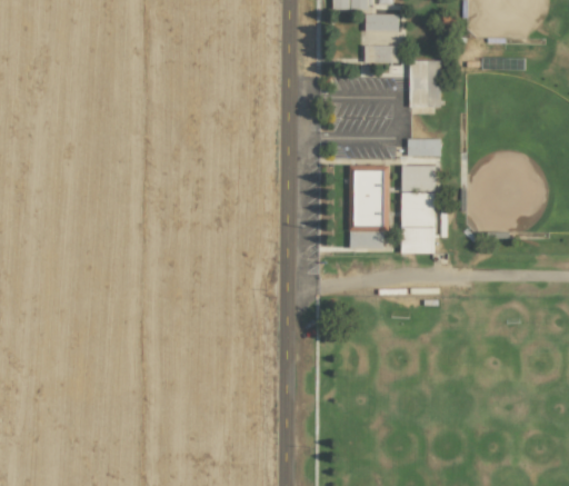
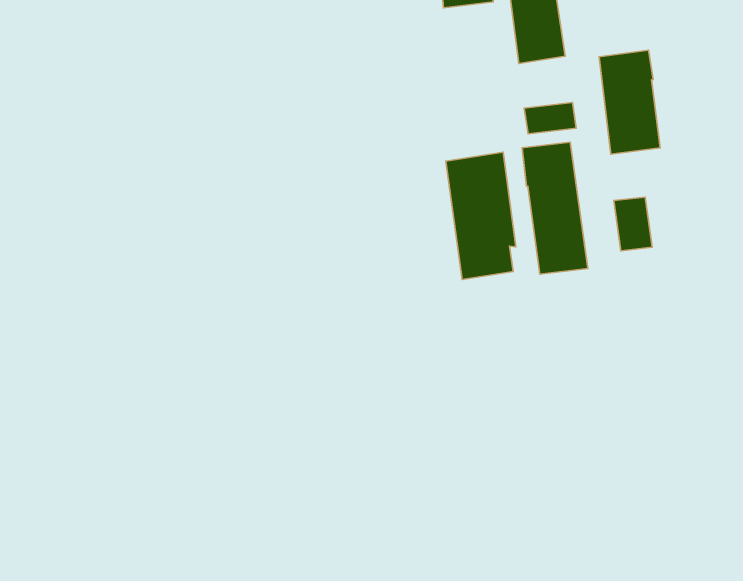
building: none -> [599,50,660,154]
building: none -> [614,197,652,251]

